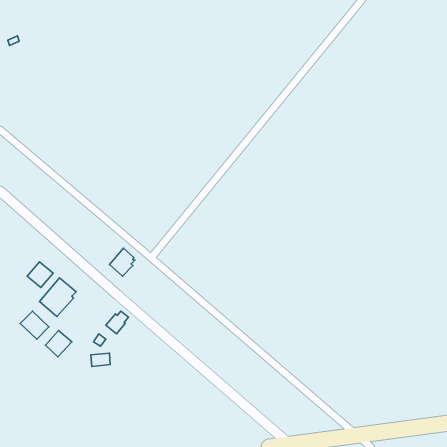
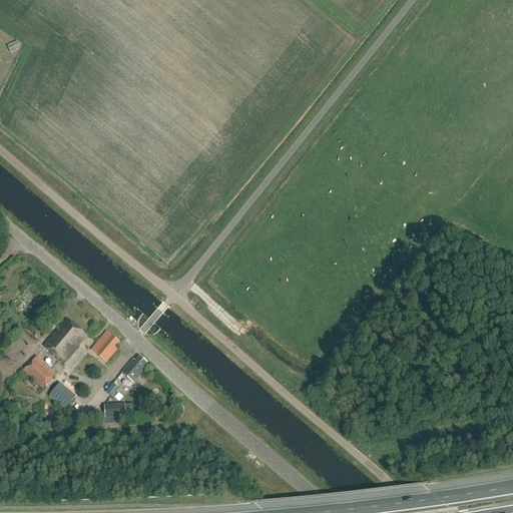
building: [109,248,135,276] -> [91,330,120,362]
building: [27,262,53,287] -> none

